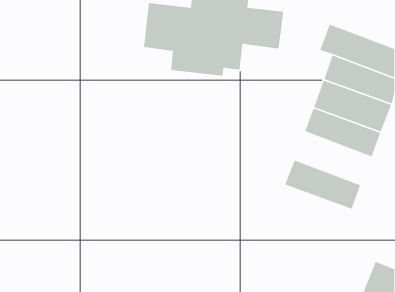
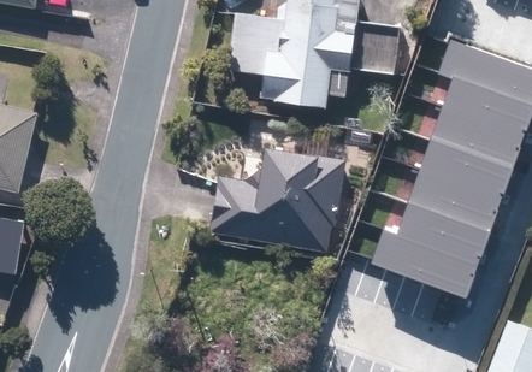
building: none -> [211,144,343,252]
building: none -> [409,170,503,234]
building: none -> [371,229,479,297]

